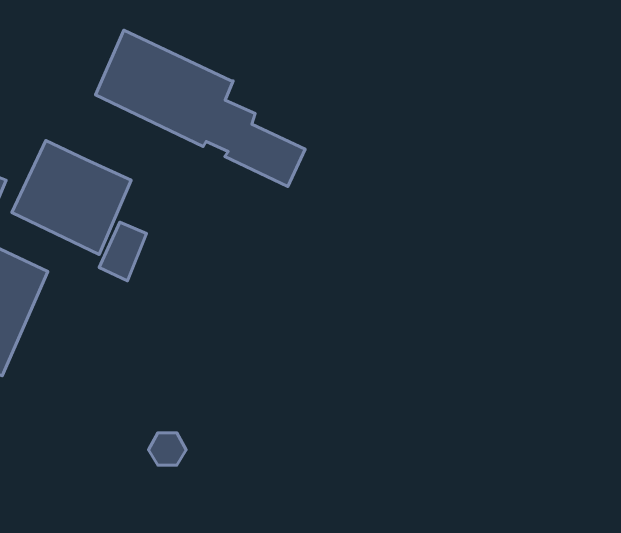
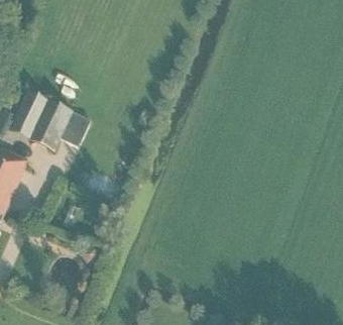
building: [95,30,305,187] -> none

